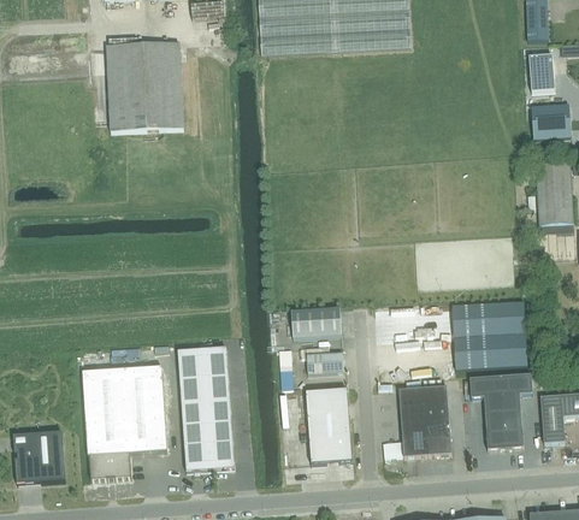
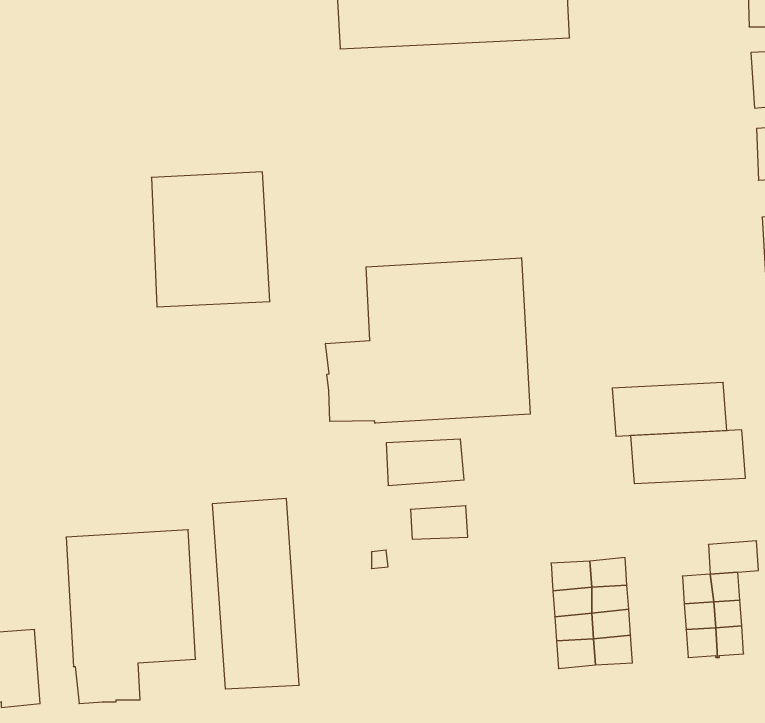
building: [106,42,183,130] -> [151,172,270,307]
building: none -> [326,258,530,423]
building: [451,332,526,367] -> [612,383,727,436]
building: [468,376,501,396] -> none
building: [305,388,351,463] -> none

